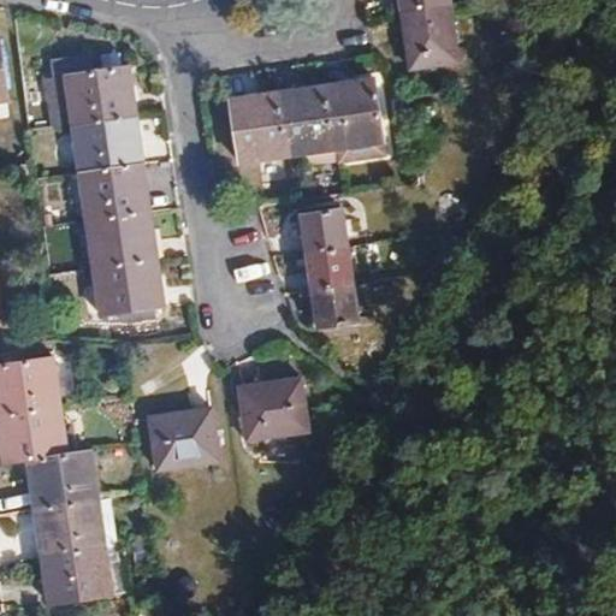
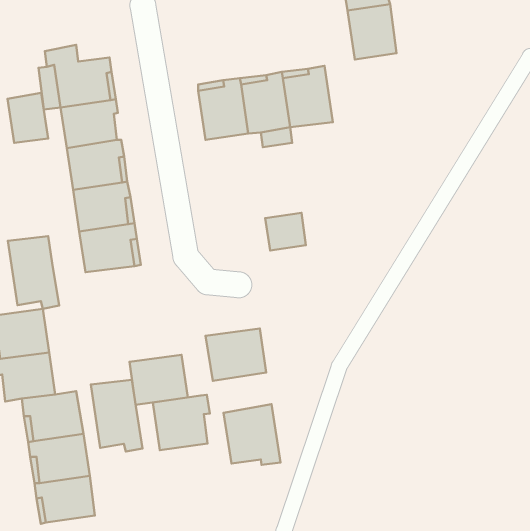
building: none -> [7,93,48,143]
building: [301,207,348,251] -> none
building: none -> [8,236,59,309]
building: [312,283,357,327] -> none
building: none -> [91,380,143,451]
building: none -> [153,395,210,450]
building: none -> [223,404,281,465]

